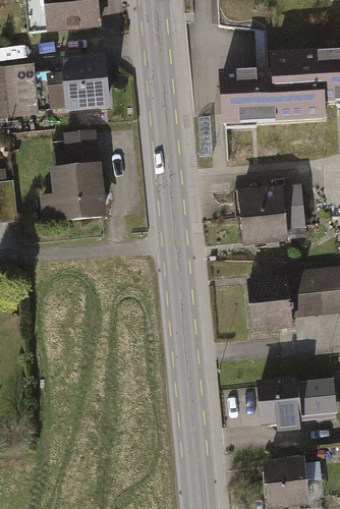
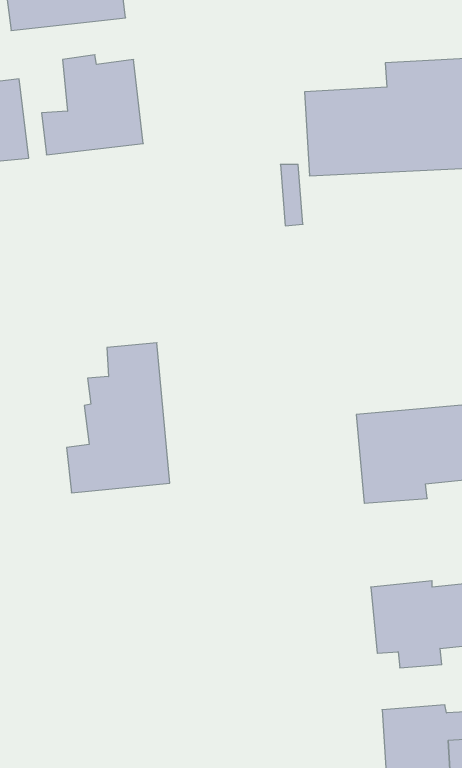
building: [40,132,105,227] -> [67,343,170,493]
building: [233,183,304,244] -> none

